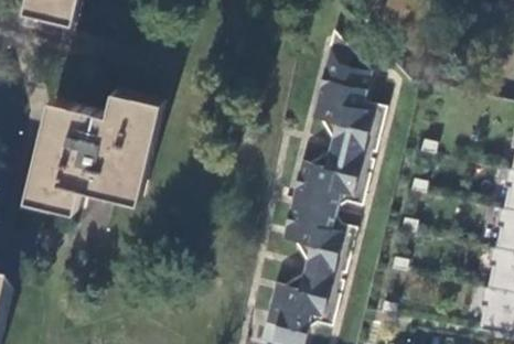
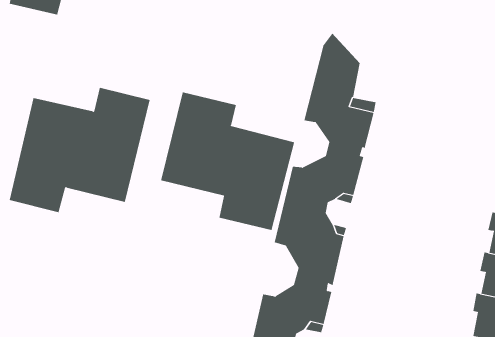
building: none -> [161,91,295,231]

